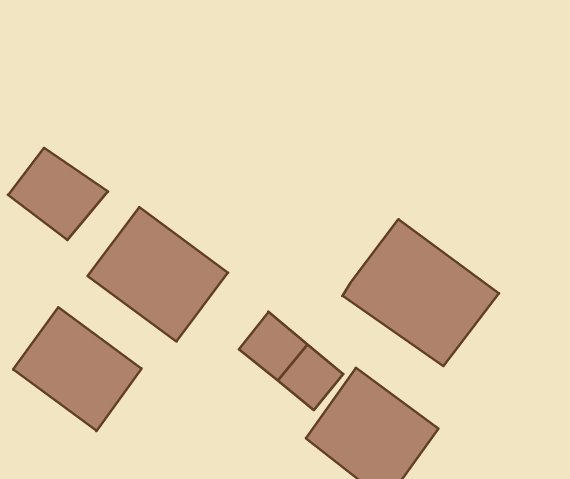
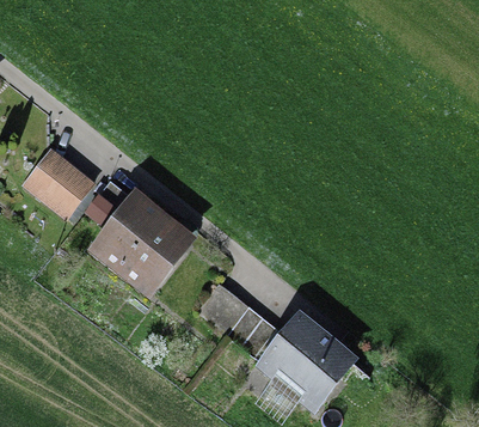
building: [342,219,499,366] -> none
building: [13,307,141,431] -> none

